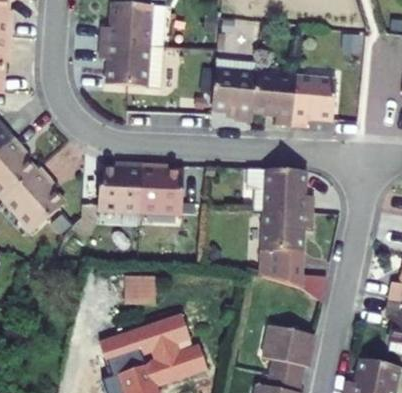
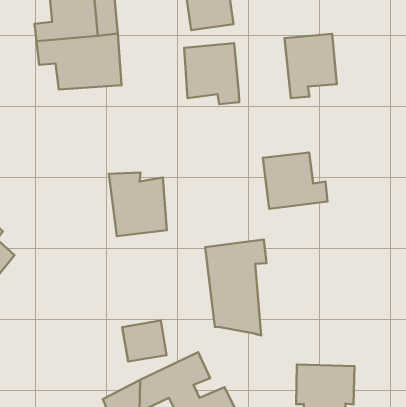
building: [256,73,299,124] -> none
building: [99,157,143,209] -> none
building: [261,208,311,285] -> [205,240,266,335]

